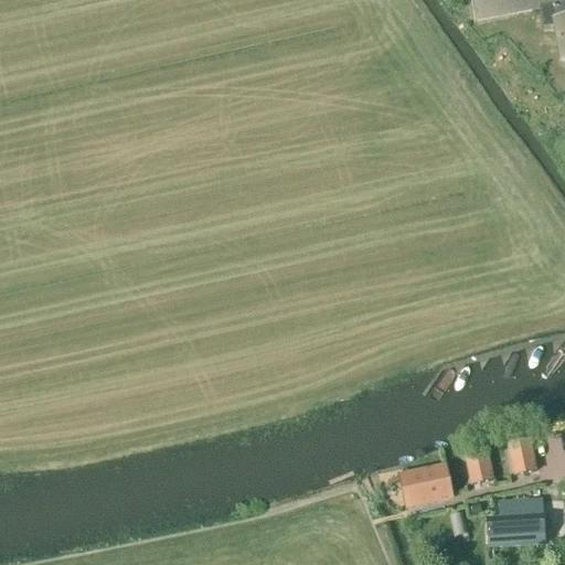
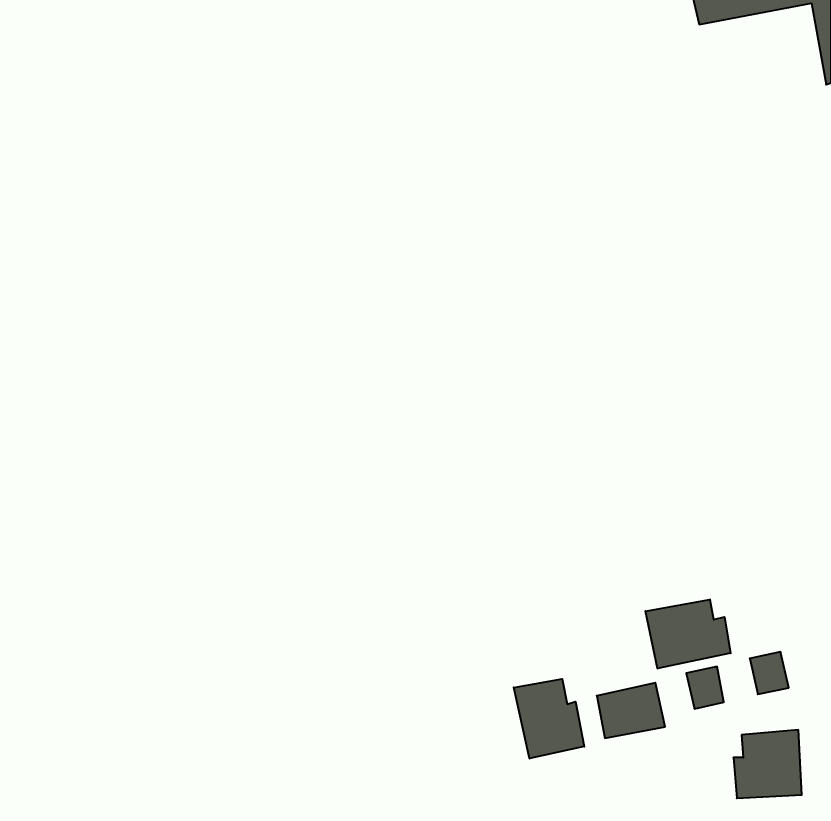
building: none -> [645,599,731,669]
building: none -> [514,679,584,759]

